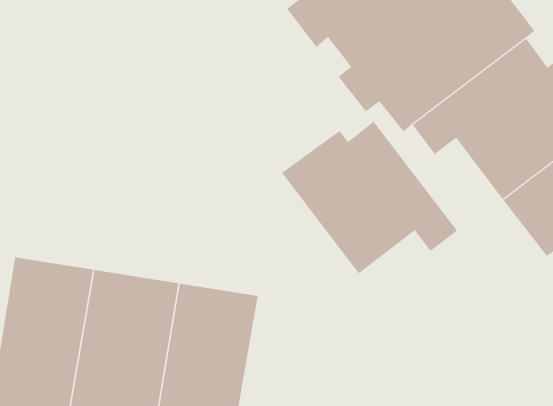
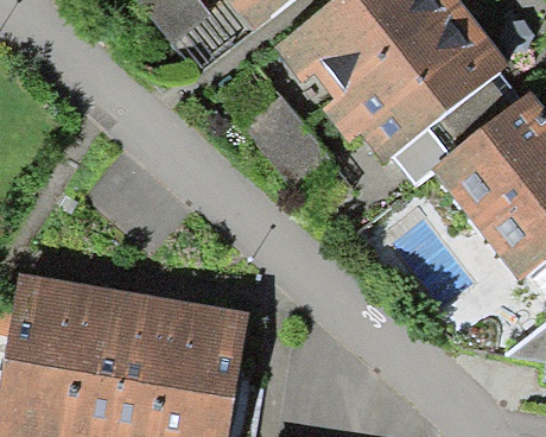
building: [281,121,458,274] -> none

